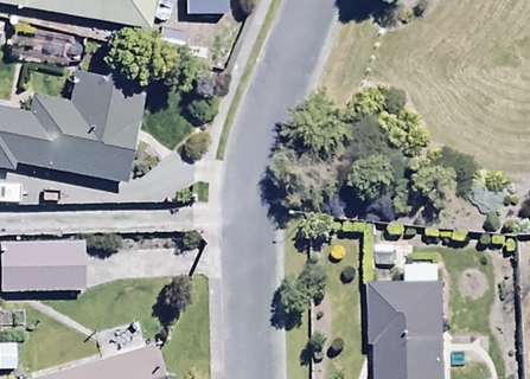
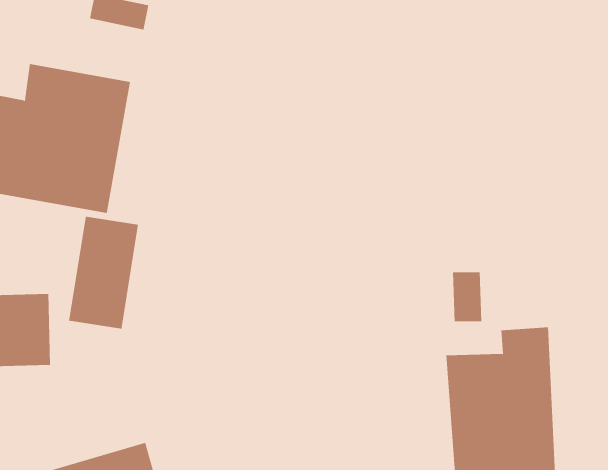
building: none -> [69,216,139,329]

